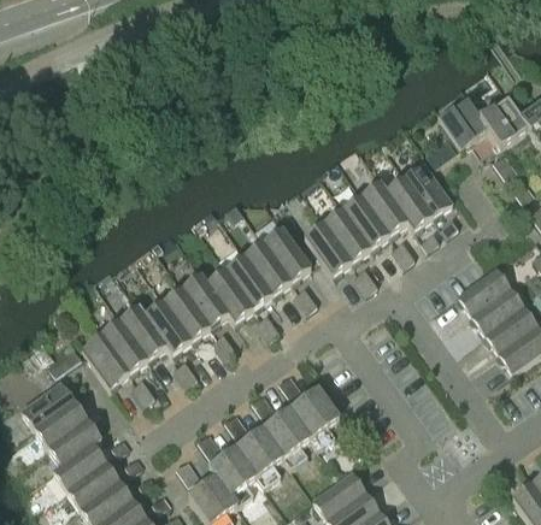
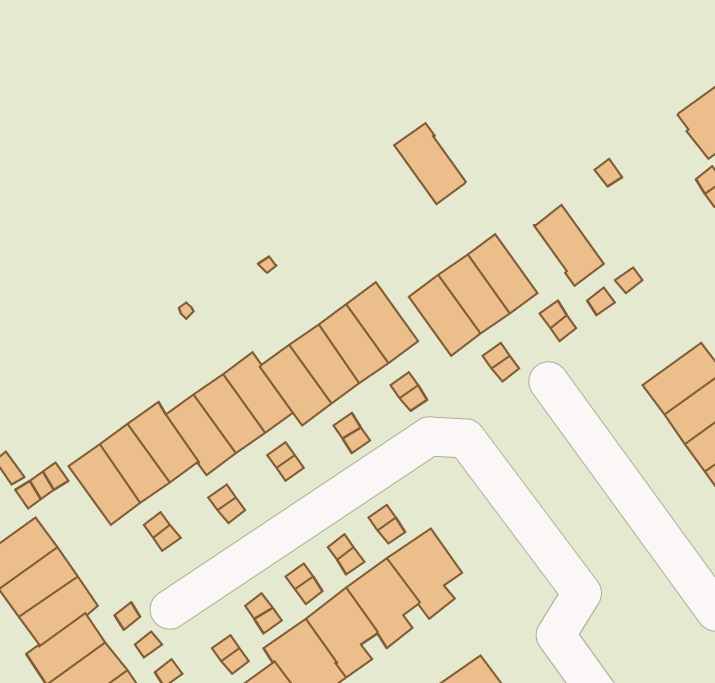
building: [439,96,487,147] -> none
building: [404,161,452,214] -> none
building: [360,181,407,234] -> [394,123,466,204]

